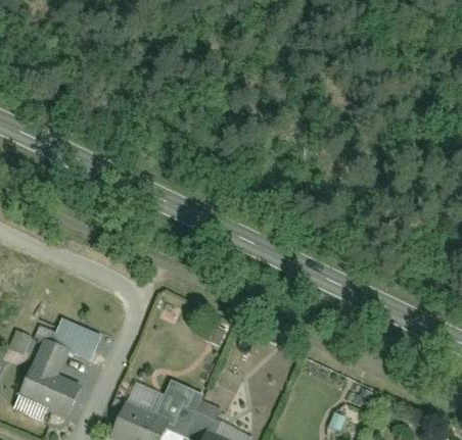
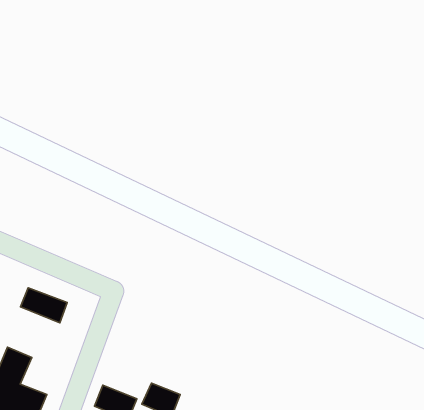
building: [56,321,101,354] -> [21,288,67,323]

